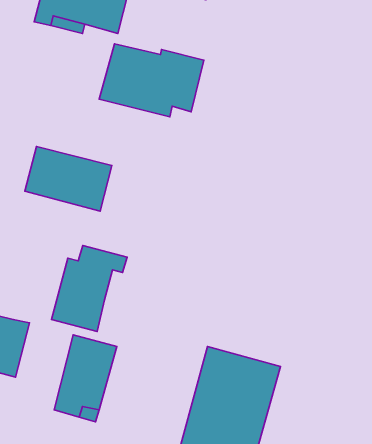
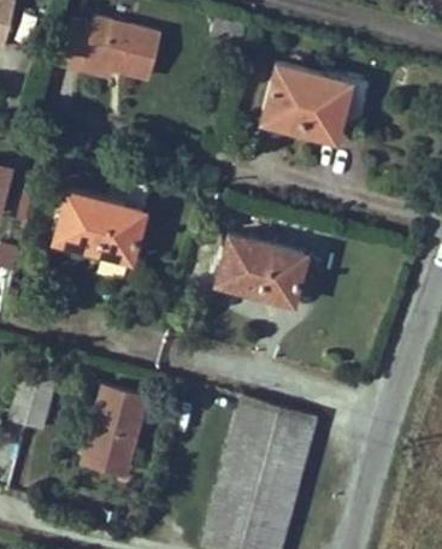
building: [99,44,204,117] -> [263,65,370,140]
building: none -> [217,236,306,302]
building: [52,245,127,332] -> none

